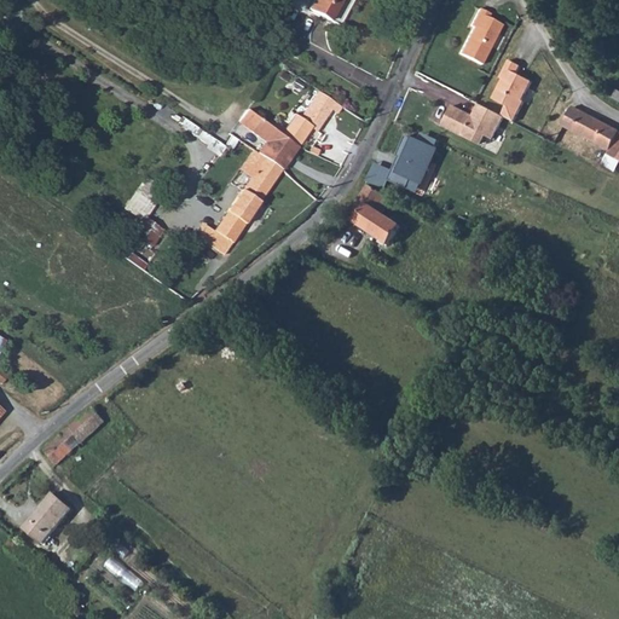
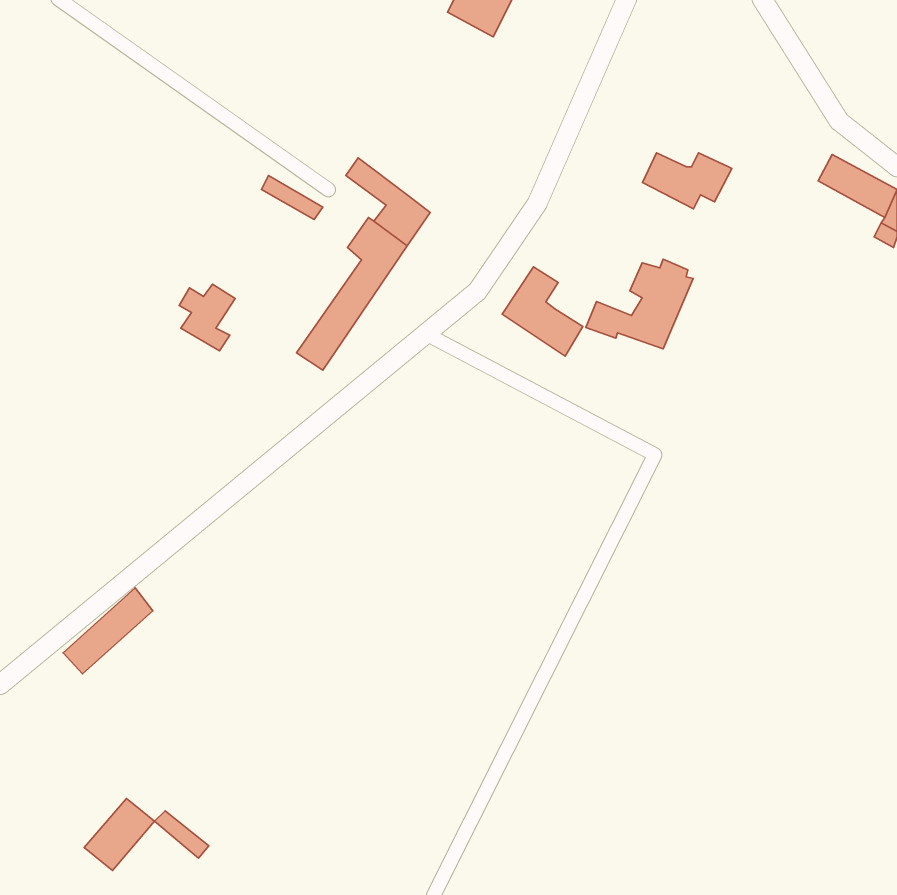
building: [459,7,502,64] -> none
building: [493,59,532,121] -> none
building: [280,91,341,146] -> none
building: [368,135,441,197] -> [586,259,693,349]
building: [24,493,73,543] -> [84,798,154,870]

